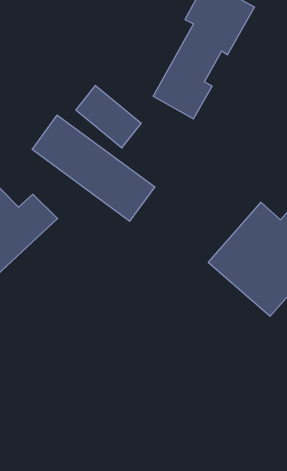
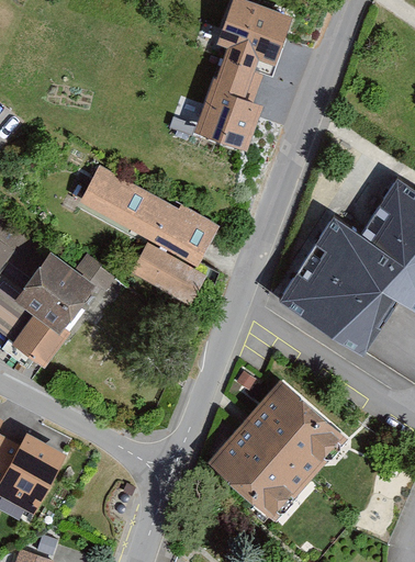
building: [76,85,141,148] -> [130,244,202,306]
building: none -> [201,385,339,522]

